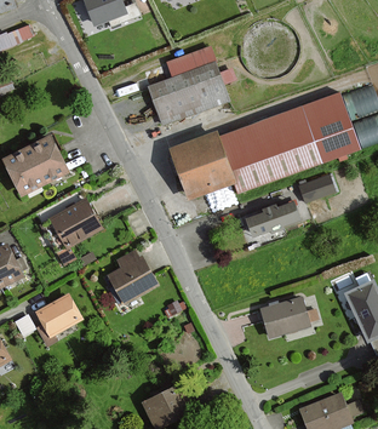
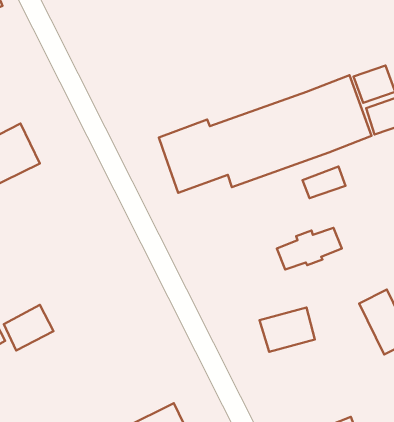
building: [148,48,228,125] -> none
building: [50,200,103,248] -> none
building: [244,201,300,238] -> [277,228,342,269]
building: [108,250,159,304] -> none

